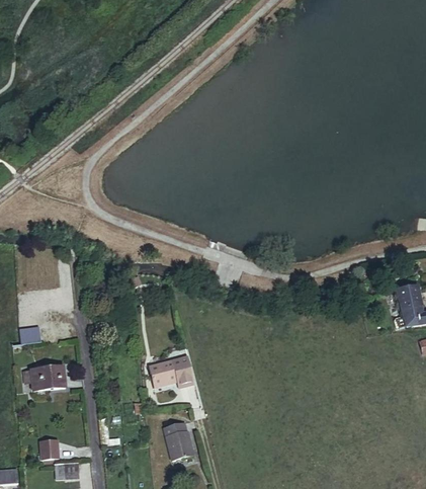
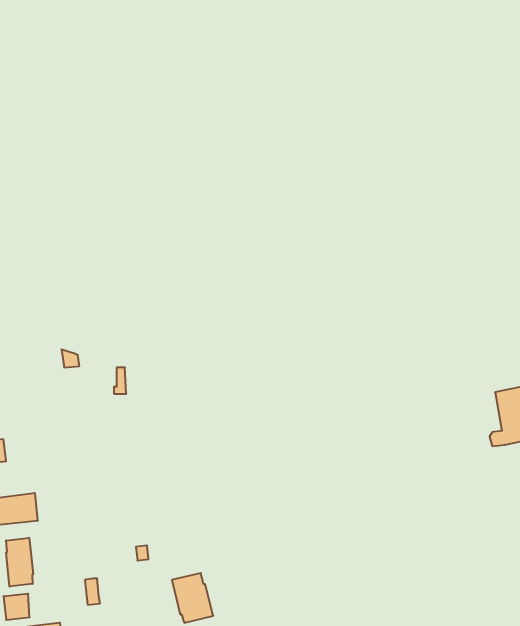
building: [148,357,195,390] -> none
building: none -> [6,538,33,587]

